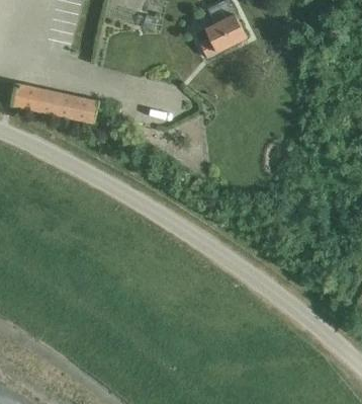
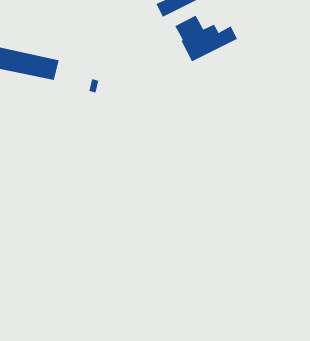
building: none -> [174,15,238,62]

